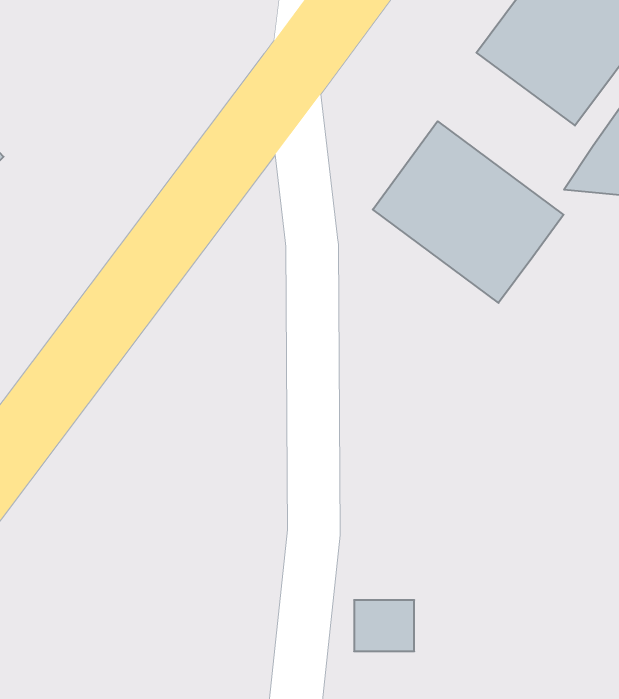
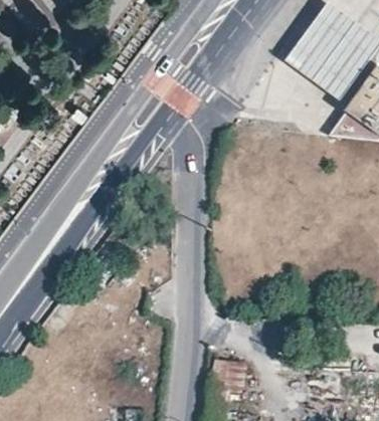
building: [373,121,564,303] -> none

